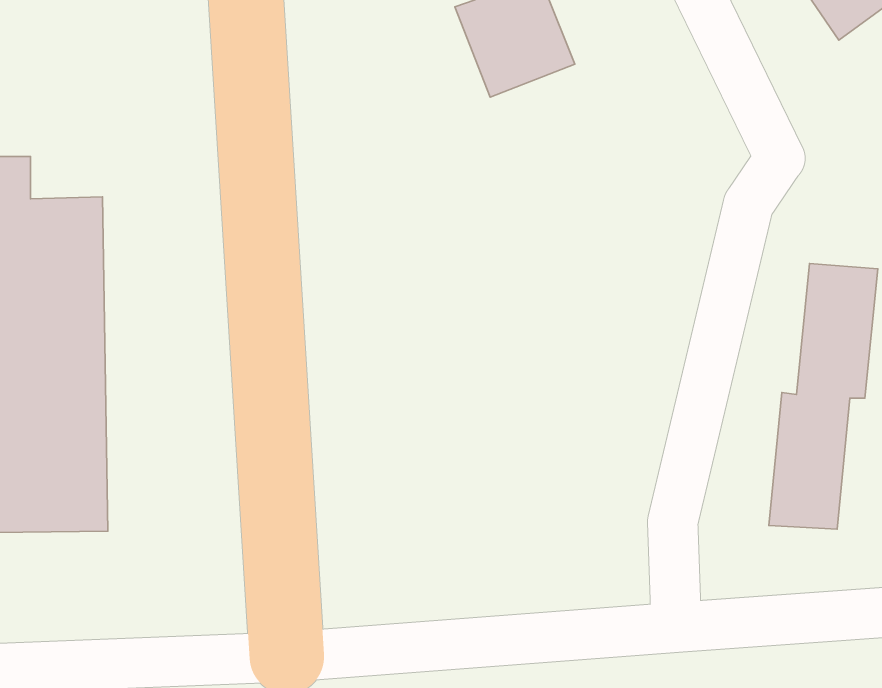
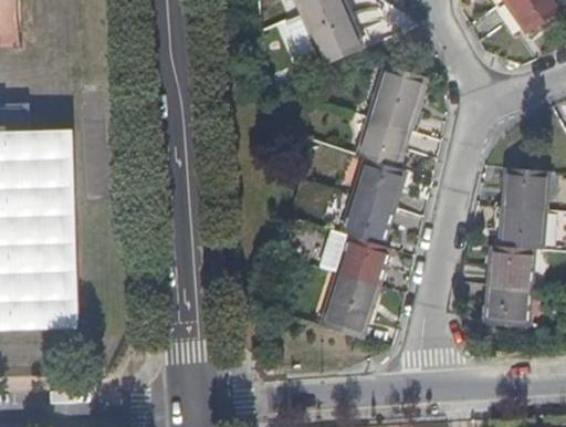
building: none -> [322,66,423,336]

